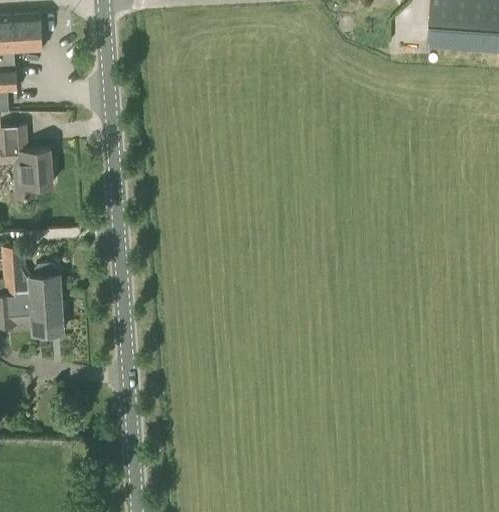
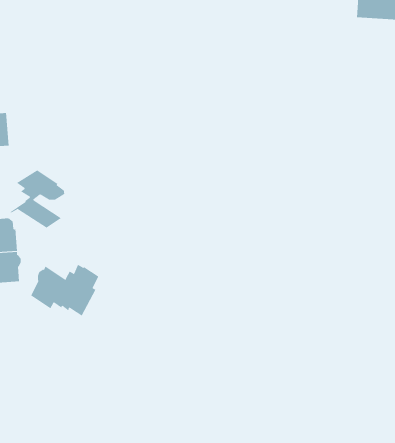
building: none -> [9,170,65,228]
building: none -> [31,264,99,317]

